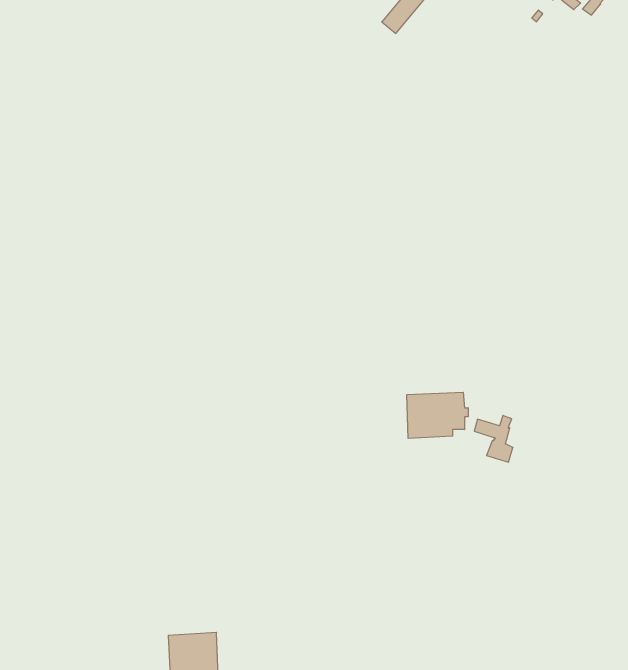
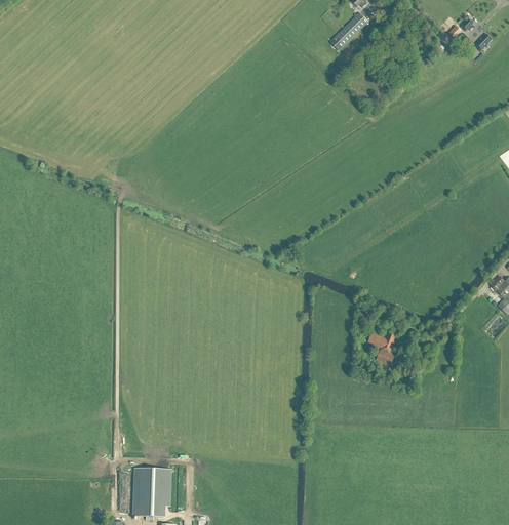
building: [407,392,468,438] -> none

